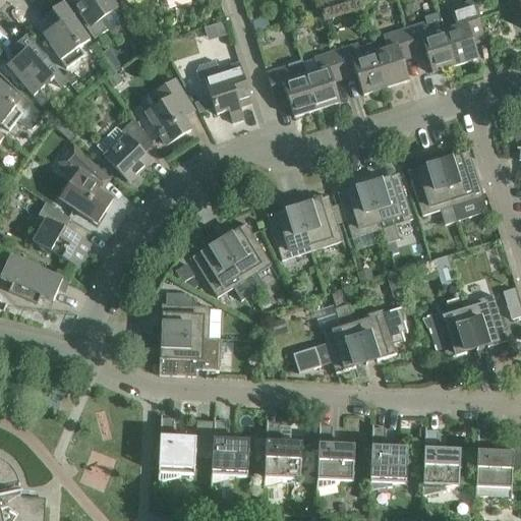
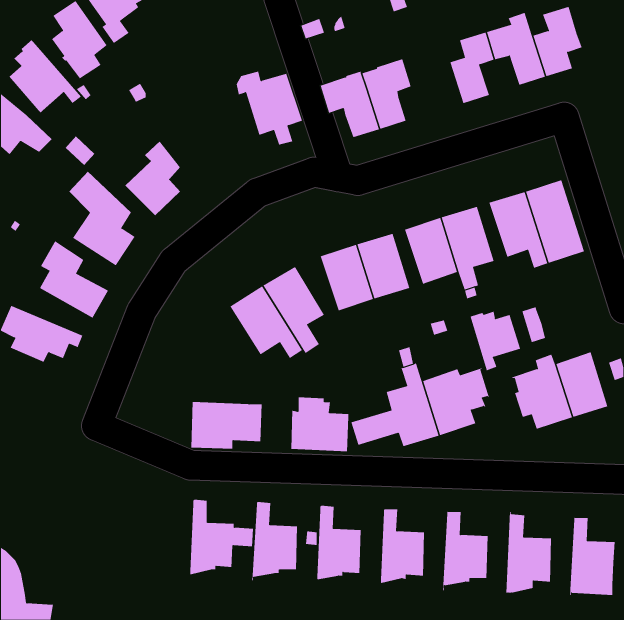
building: [336,42,386,94] -> none
building: [146,77,193,143] -> none
building: none -> [470,311,521,371]
building: [160,291,209,337] -> [290,397,349,452]

